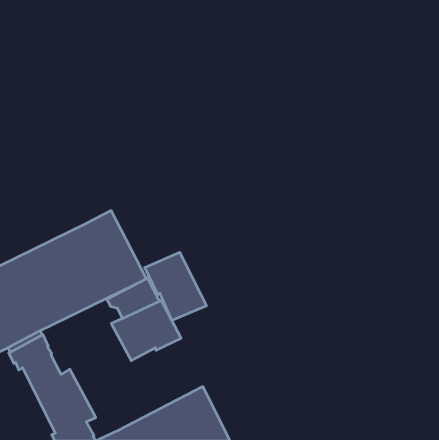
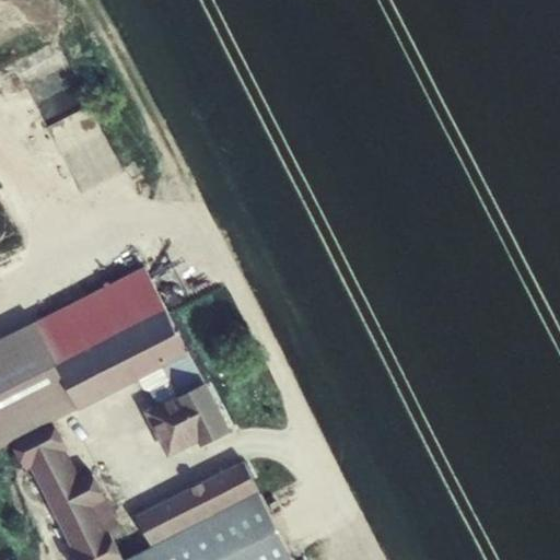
building: [145,252,206,320] -> none
building: none -> [135,460,257,547]

